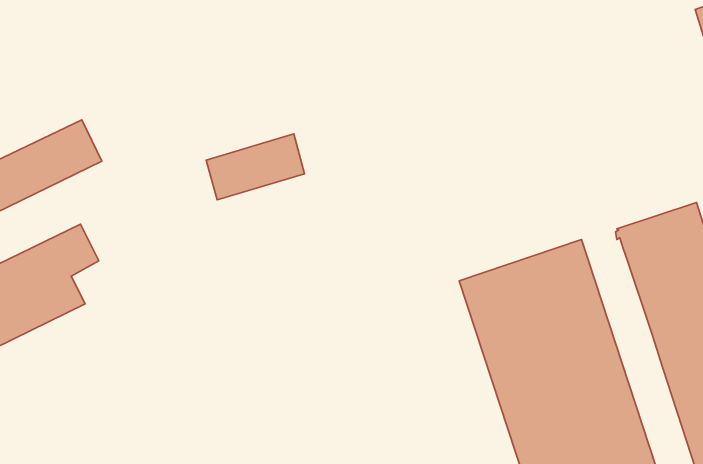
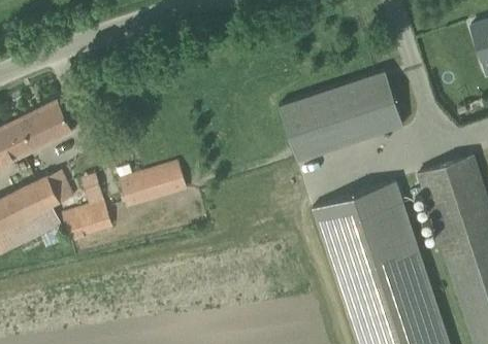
building: none -> [281,74,405,164]
building: [206,134,304,200] -> [121,162,187,206]
building: none -> [63,183,113,239]

